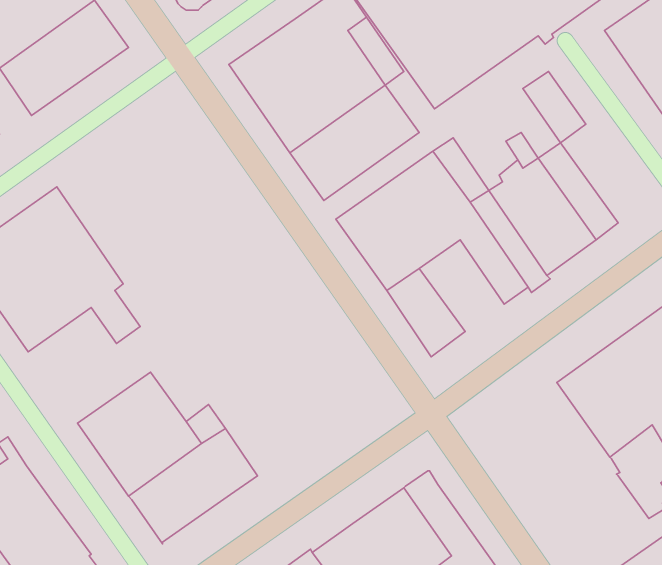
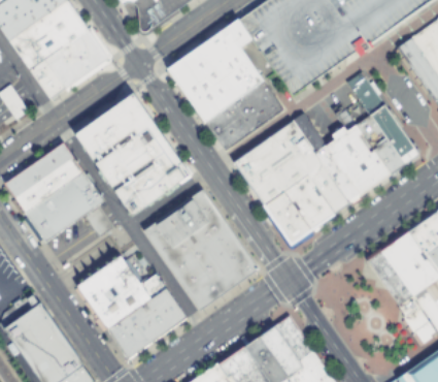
building: none -> [75,93,191,216]
building: none -> [369,104,419,164]
building: none -> [283,174,335,230]
building: none -> [144,189,259,311]

